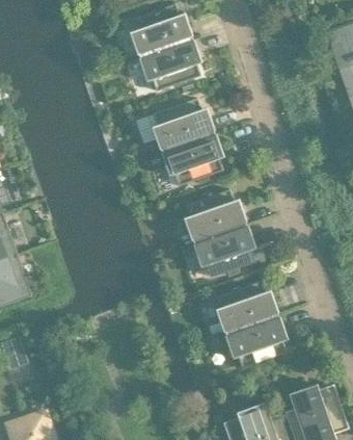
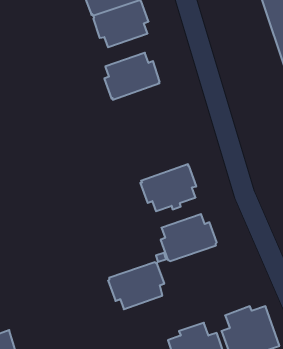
building: [160,133,222,186] -> none
building: [182,190,245,243] -> none
building: [223,316,287,369] -> [108,262,164,309]

